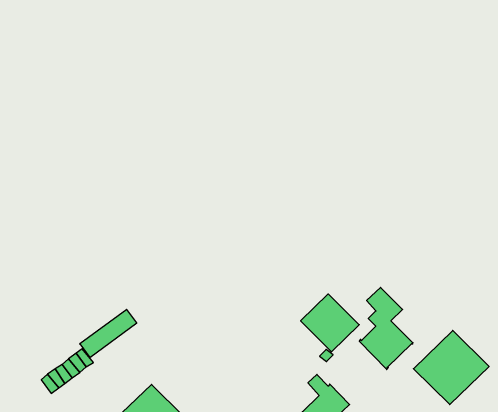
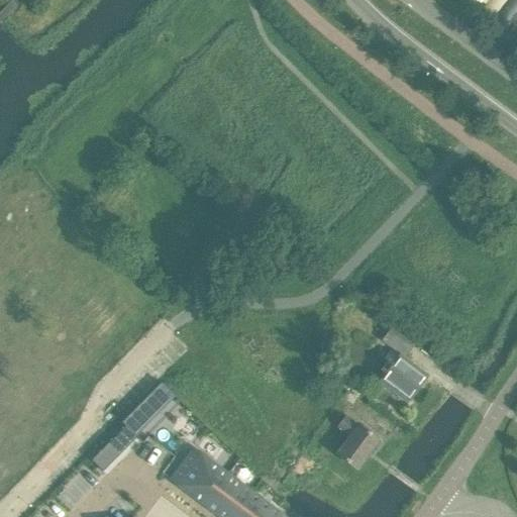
building: [301,294,359,352] -> none
building: [413,330,489,405] -> none

